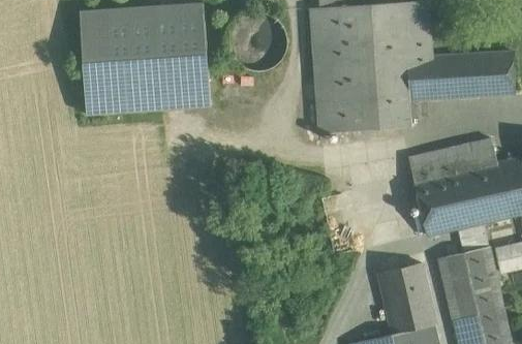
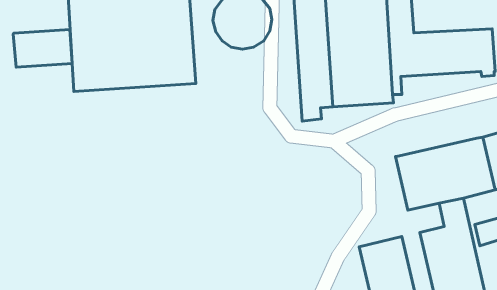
building: none -> [13,30,72,67]
building: [410,138,497,181] -> none

